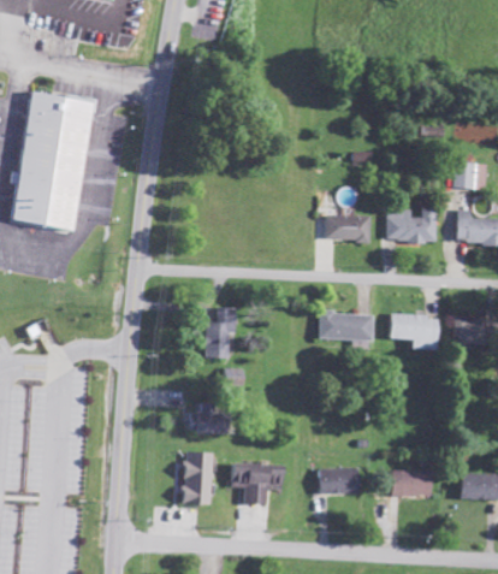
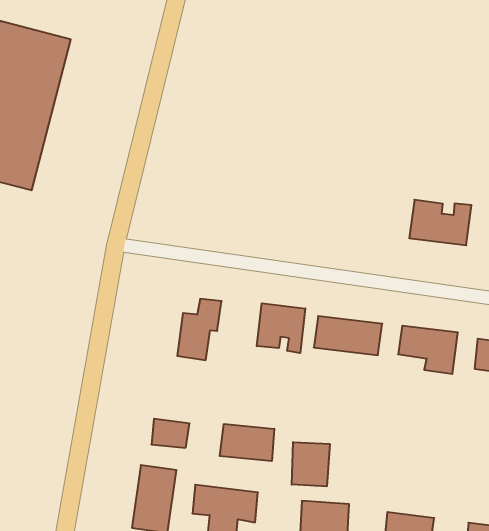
building: [327,213,374,239] -> none
building: none -> [257,303,305,353]
building: none -> [220,424,274,461]
building: none -> [292,442,330,486]

